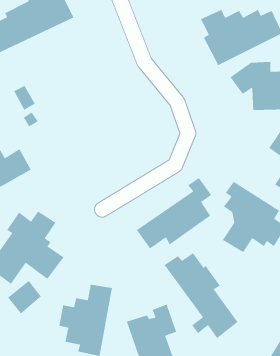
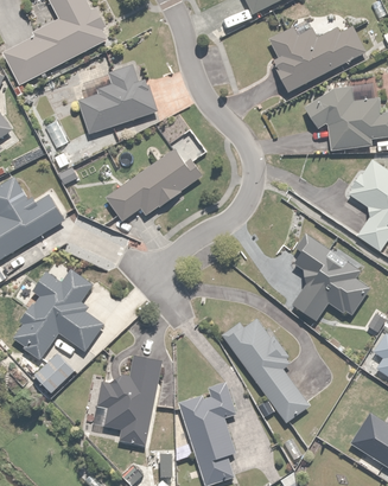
building: none -> [79,64,157,132]
building: [136,177,212,249] -> [106,134,197,220]

